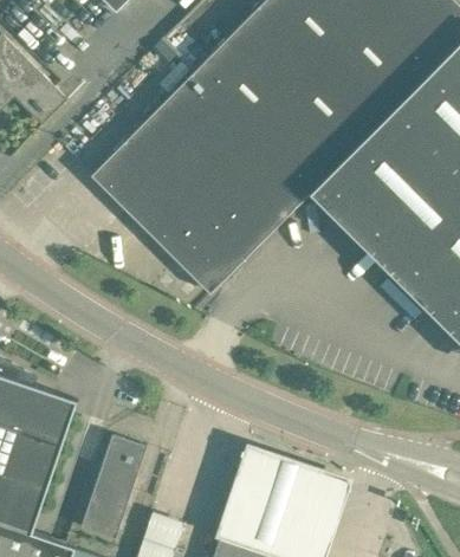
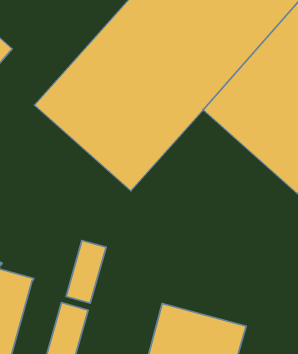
building: none -> [66,240,106,303]

